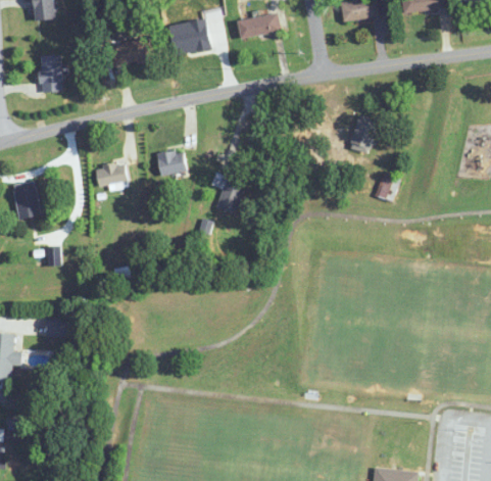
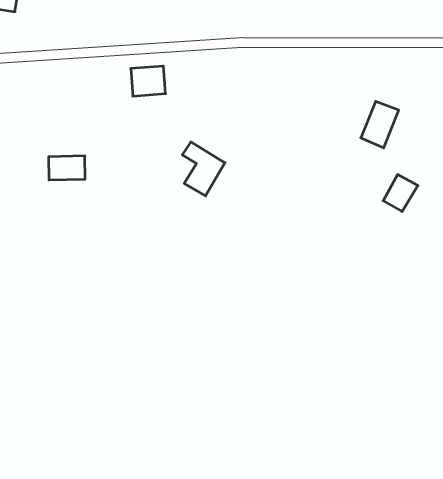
building: [156,149,187,177] -> [131,66,166,96]
building: [95,163,127,187] -> [49,156,85,180]

